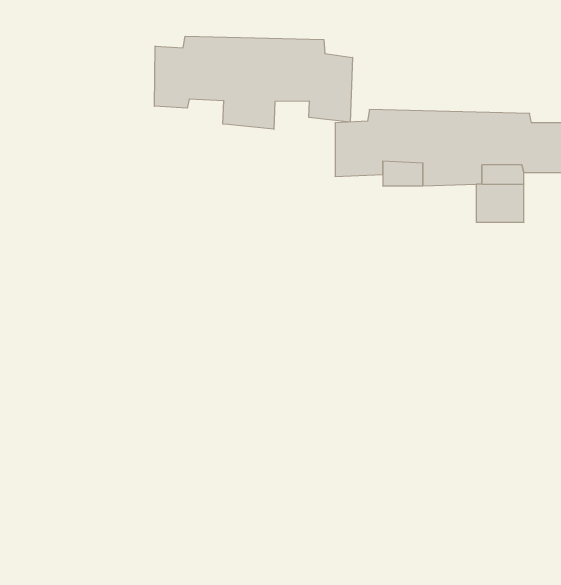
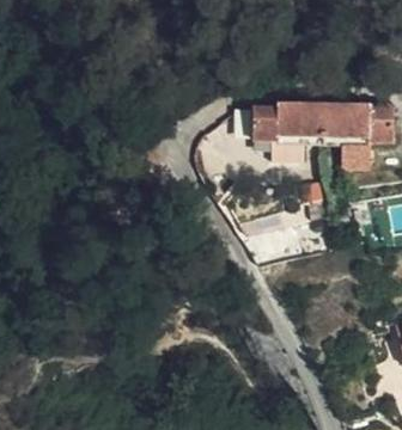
building: [154,36,353,129] -> none

